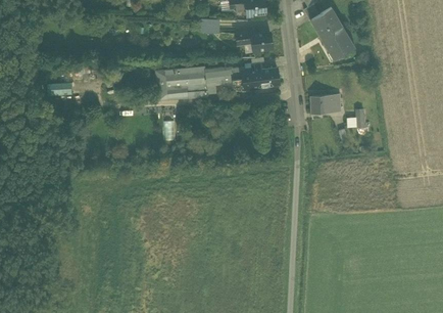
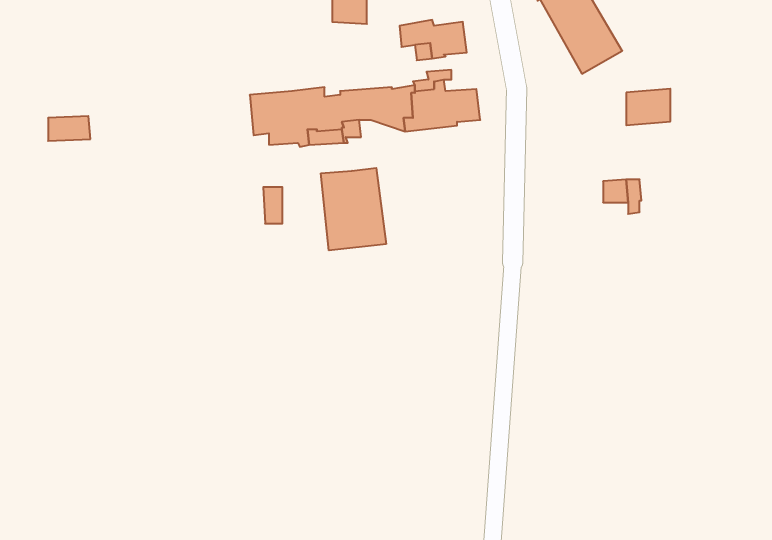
building: [310,94,334,114] -> [626,89,670,125]
building: none -> [321,168,386,250]

